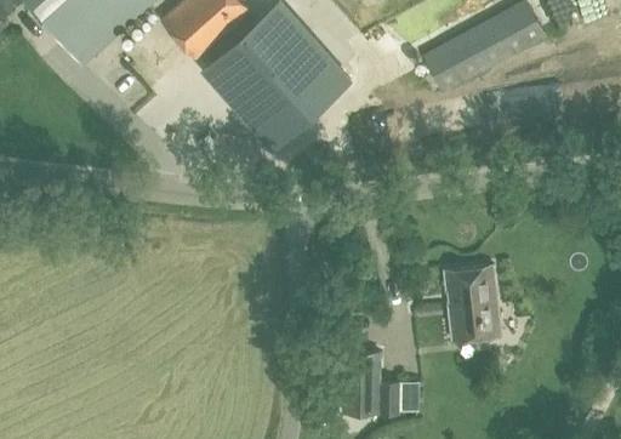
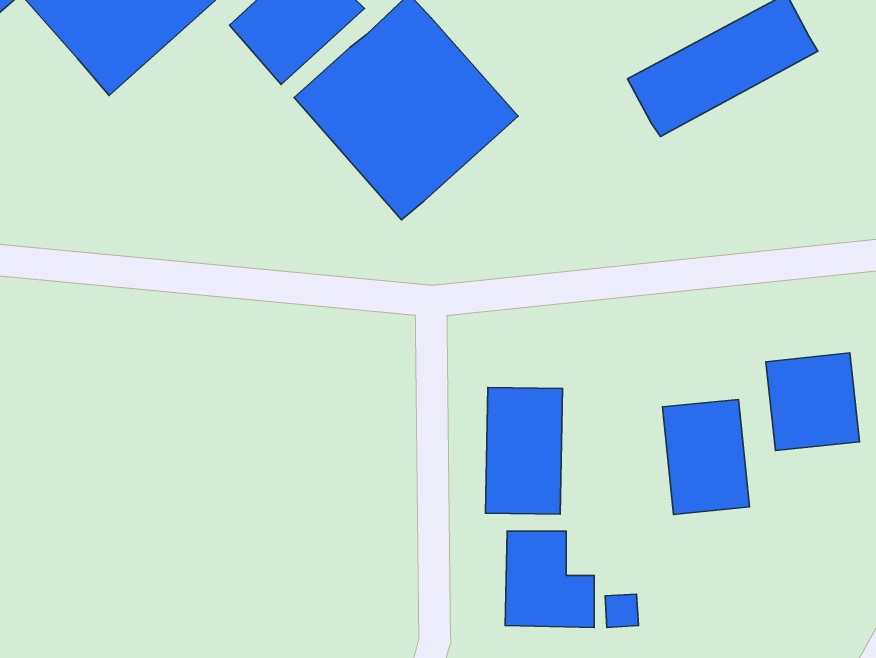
building: none -> [766,353,859,451]
building: none -> [485,388,562,514]

